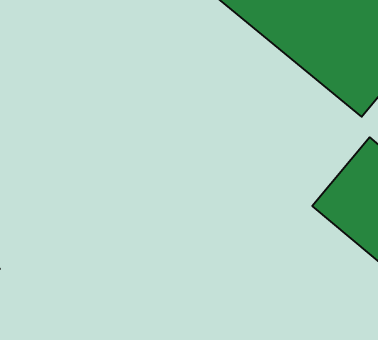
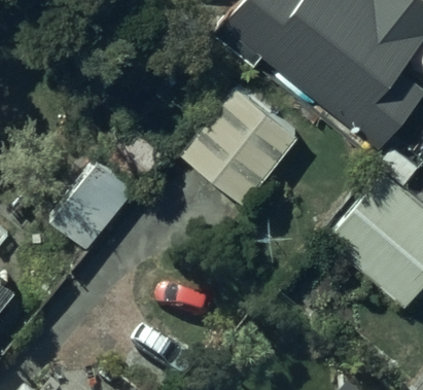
building: none -> [173,68,296,193]

